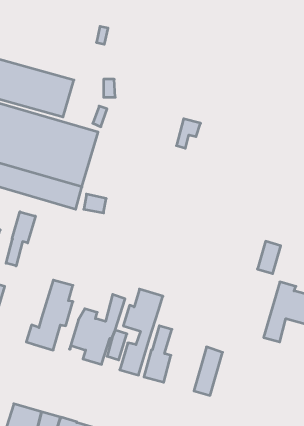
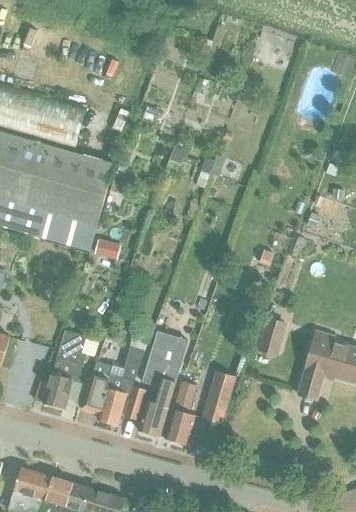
building: [6,212,35,266] -> none
building: [257,241,281,274] -> [258,318,284,354]
building: [194,347,223,395] -> [202,369,234,423]

